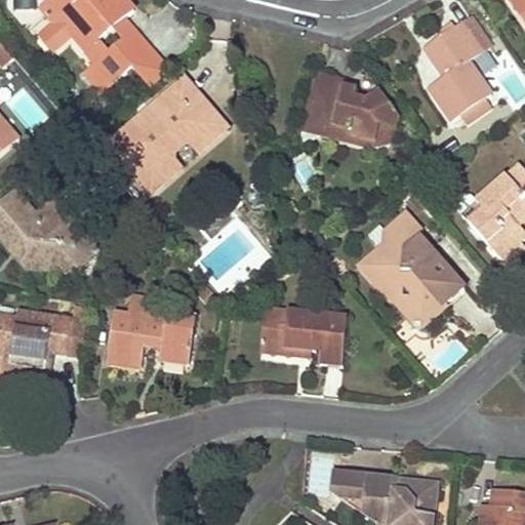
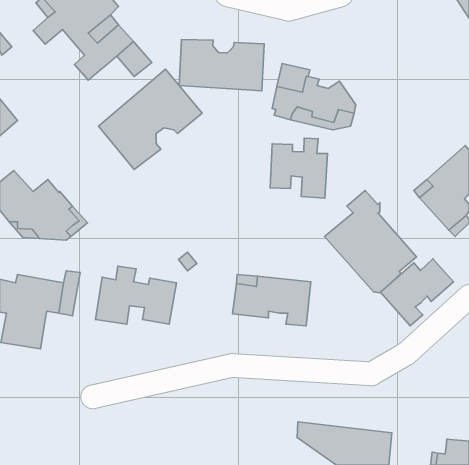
building: [425,15,491,120] -> none
building: none -> [179,40,264,91]
building: none -> [270,138,328,198]
building: none -> [380,259,454,326]

